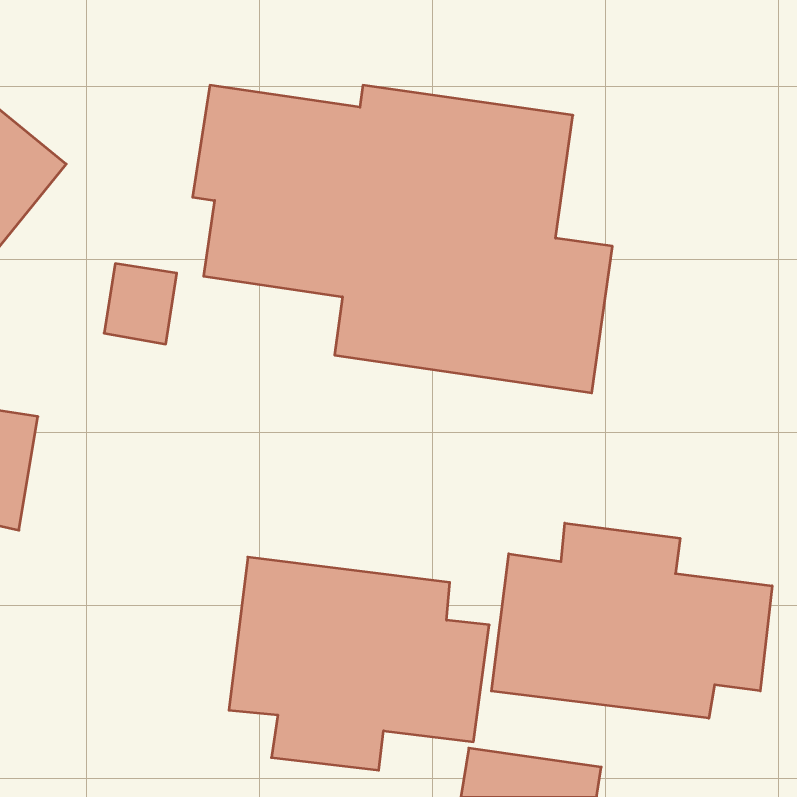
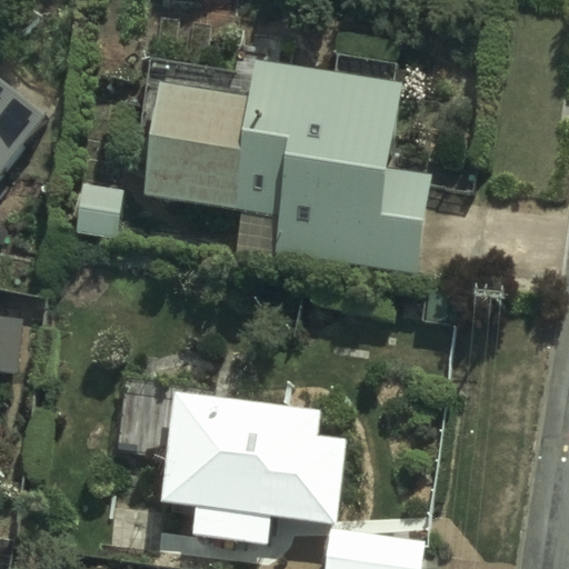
building: [491,523,772,718] -> none

